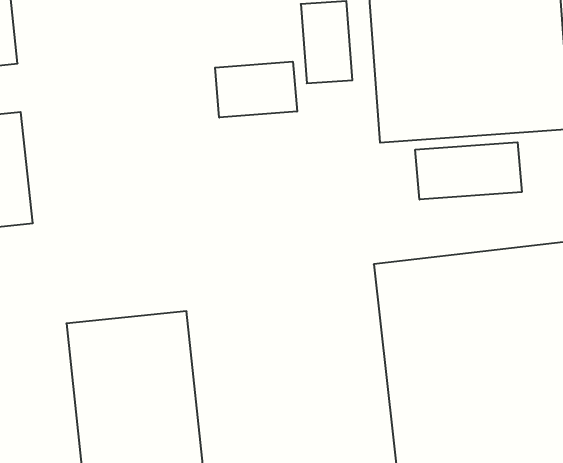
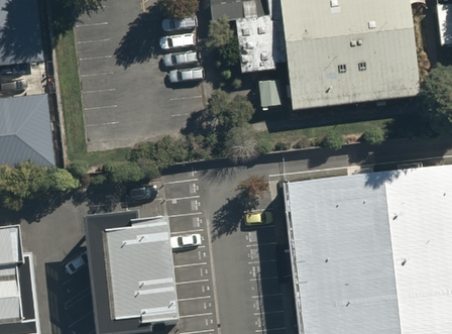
building: [215,62,297,118] -> none
building: [415,142,522,200] -> none

